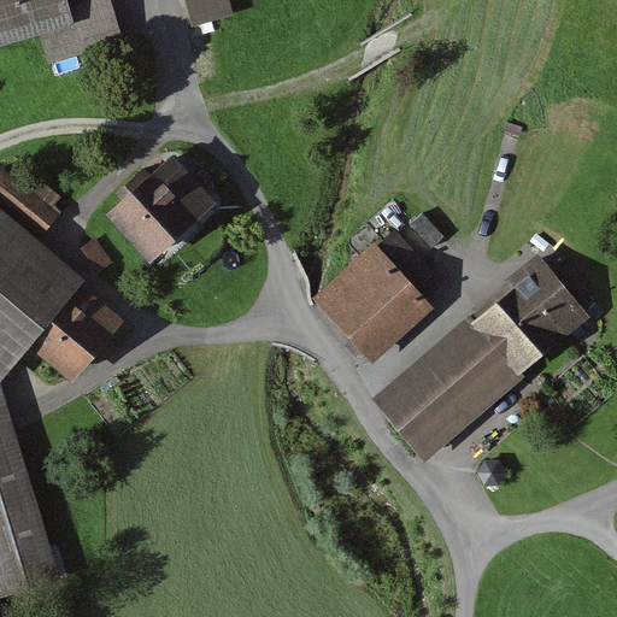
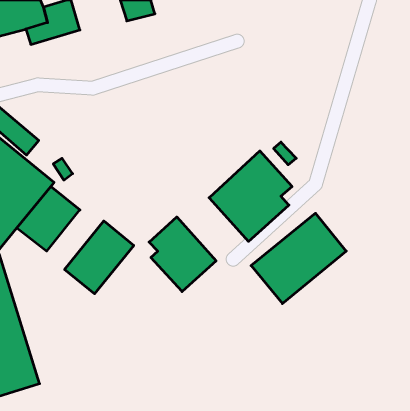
building: [104,151,212,257] -> none
building: [471,248,593,377] -> none
building: none -> [149,217,216,292]
building: none -> [65,221,134,294]

